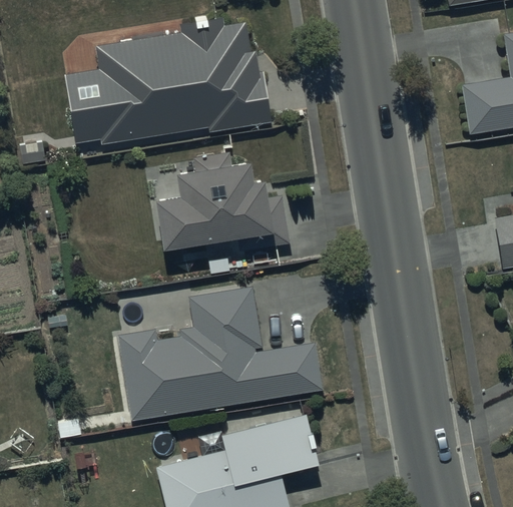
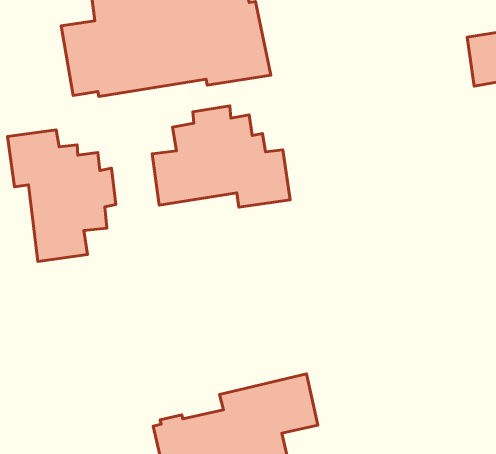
building: none -> [8,130,116,261]
building: [118,289,322,422] -> none

